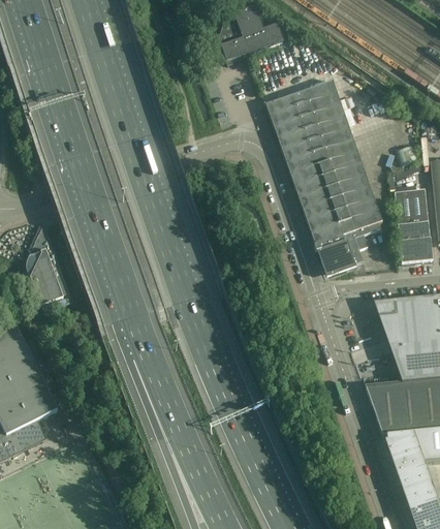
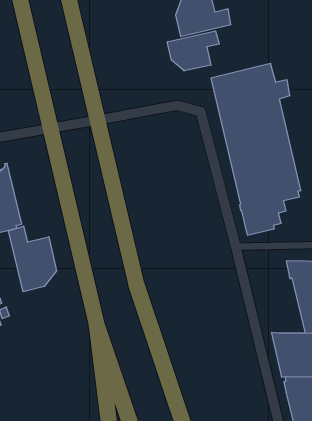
building: none -> [167,31,219,71]
building: none -> [8,226,56,292]

